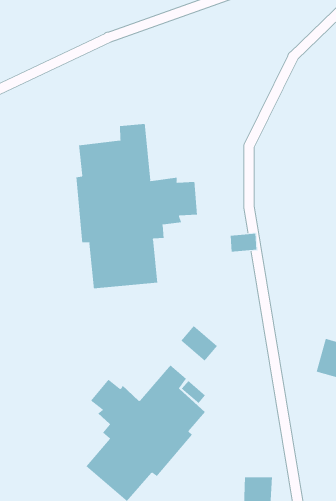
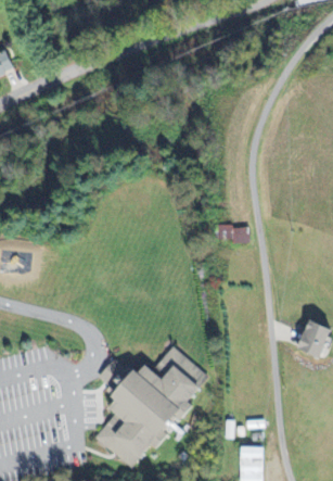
building: [76,123,198,289] -> none
building: [181,325,218,361] -> none

